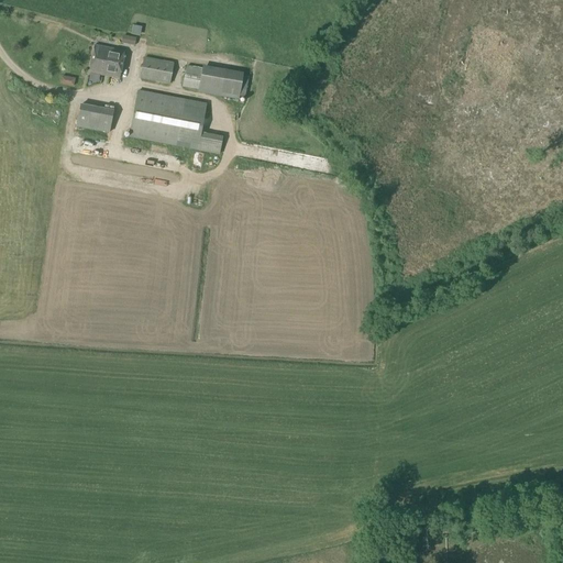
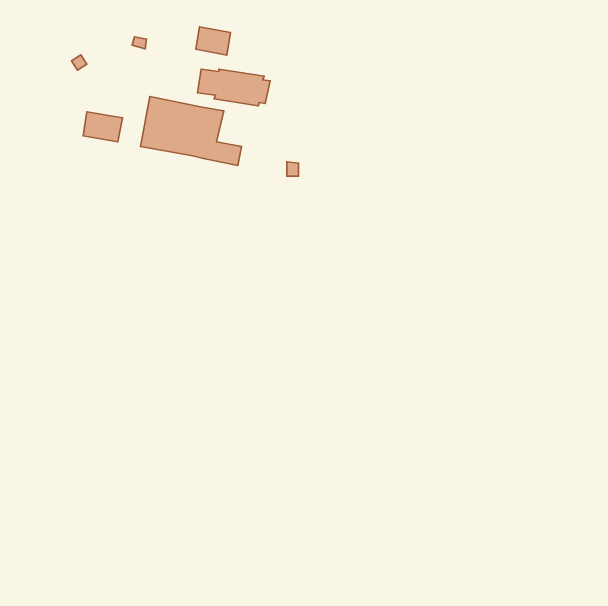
building: [89,43,124,75] -> none
building: [141,56,173,82] -> [196,27,230,55]

